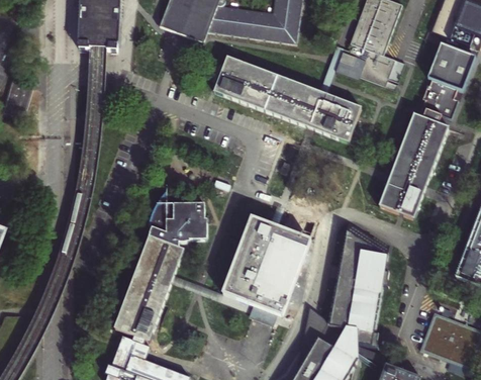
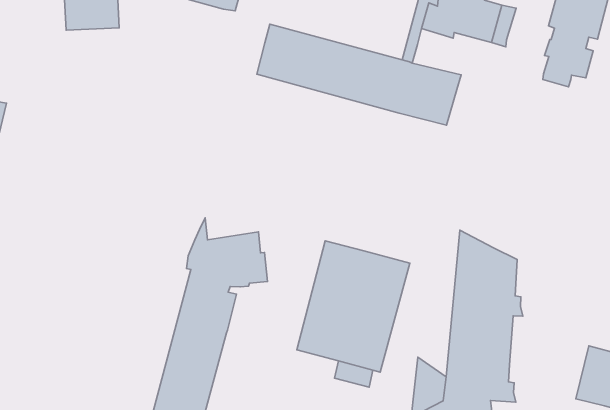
building: [379,113,449,217] -> none

